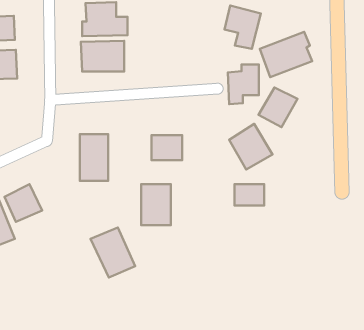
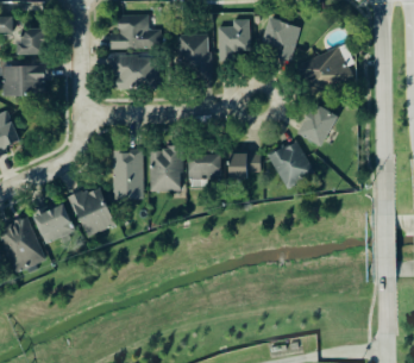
building: none -> [180,32,213,74]
building: [228,64,259,104] -> [219,18,251,60]
building: [235,184,264,206] -> [228,155,259,177]
building: [141,184,171,225] -> [149,148,180,190]
building: [91,228,135,278] -> [67,186,113,238]

